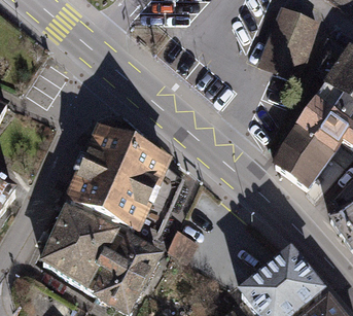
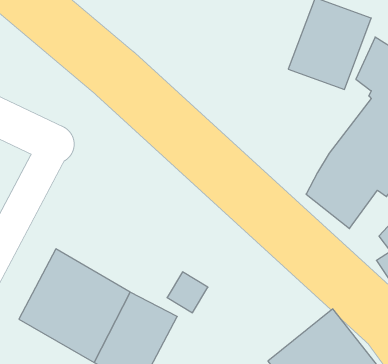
building: [75,129,179,236] -> none

